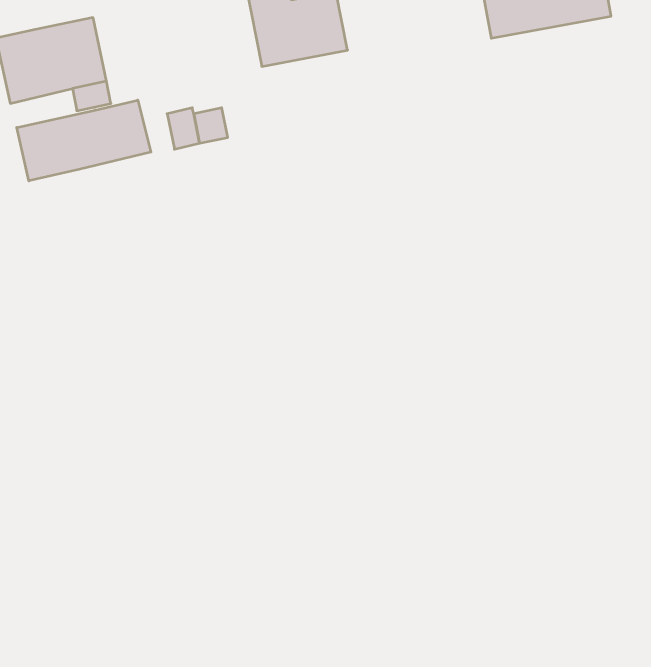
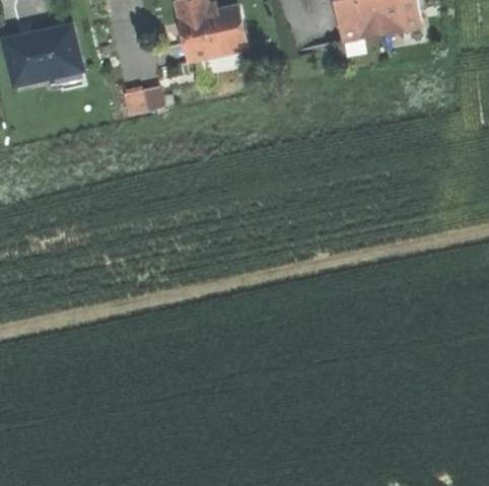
building: [17,100,151,181] -> none

